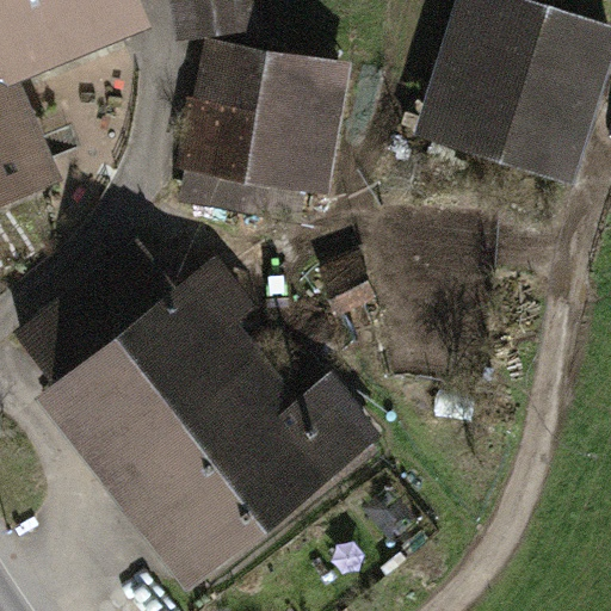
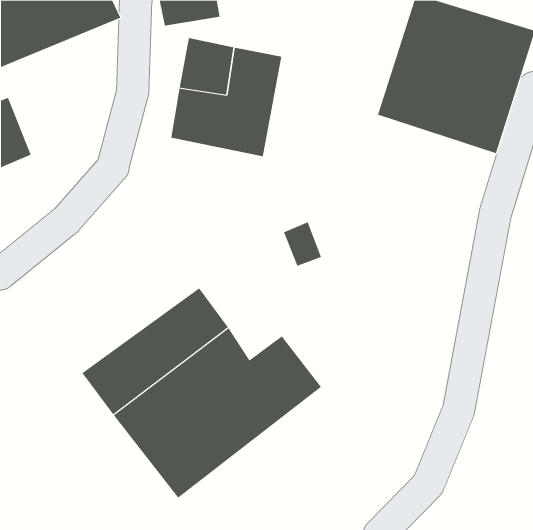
building: [25,251,242,431] -> none

